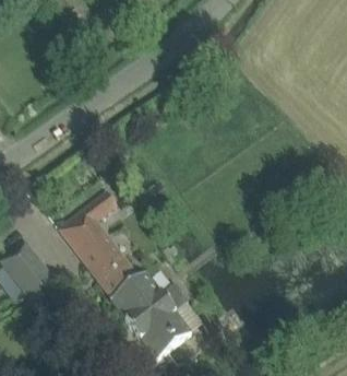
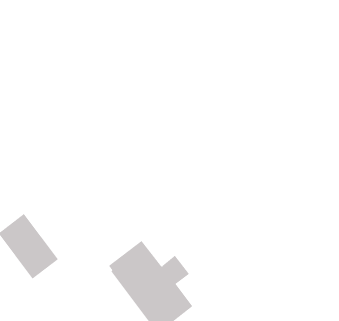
building: [57,190,140,293] -> none

